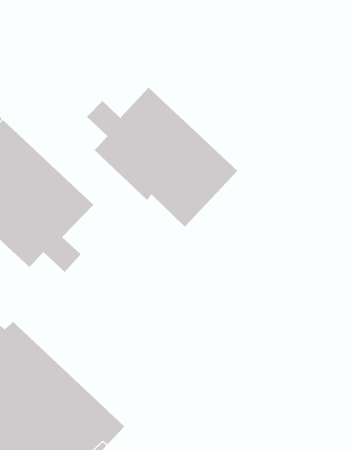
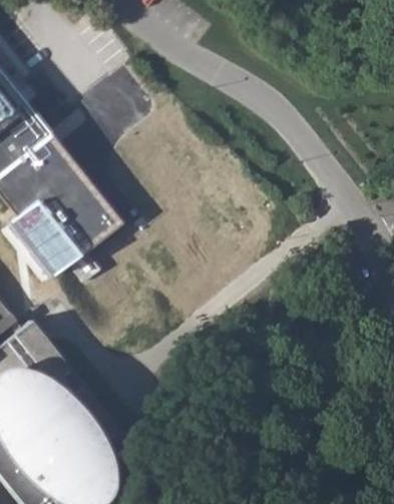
building: [86,87,238,227] -> none

